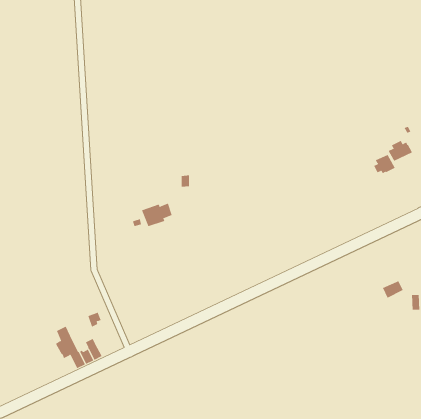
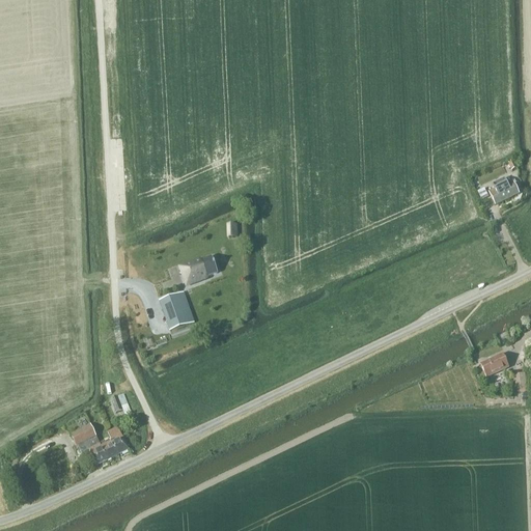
building: [373,154,395,174] -> none
building: none -> [160,290,195,330]

